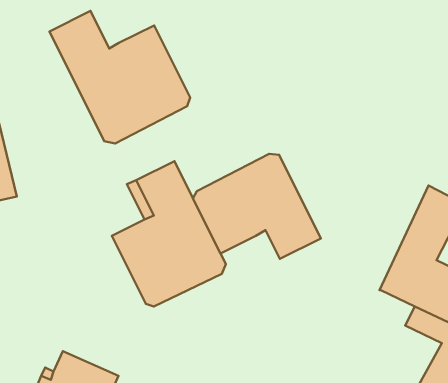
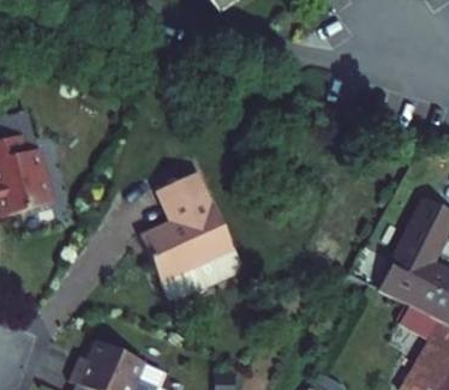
building: [50,11,190,144] -> none
building: [193,154,321,259] -> none

